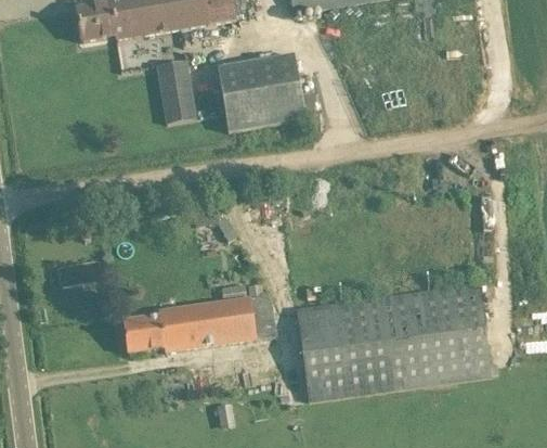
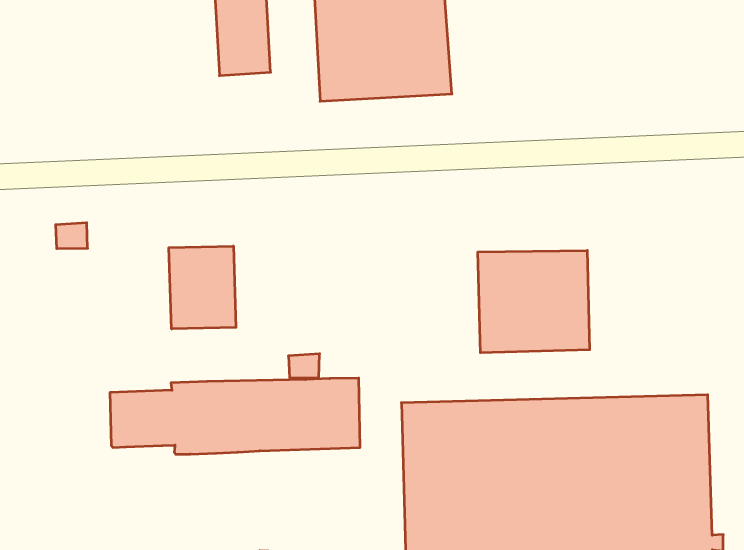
building: none -> [478,250,590,353]
building: none -> [169,246,236,329]

